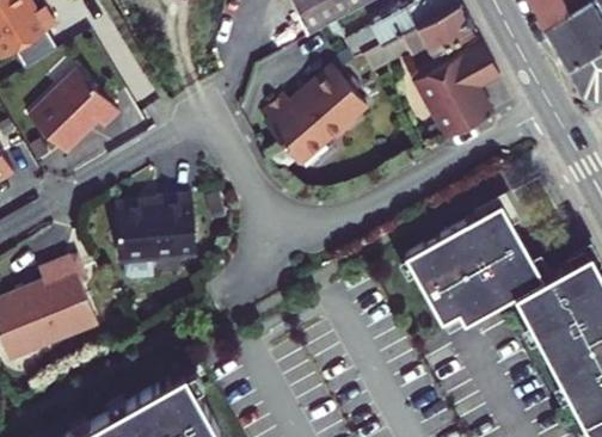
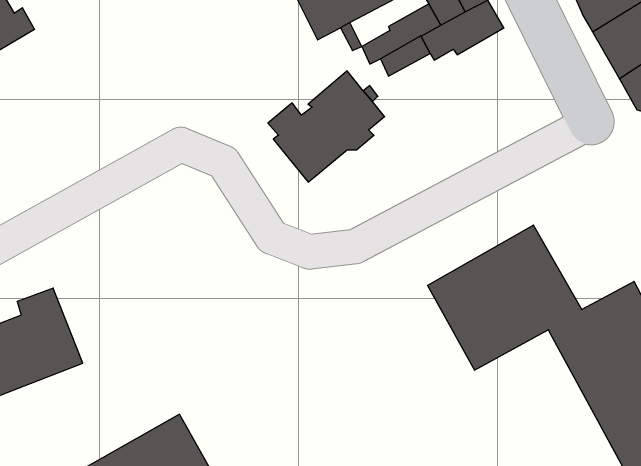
building: [414,43,498,141] -> none
building: [30,70,118,154] -> none
building: [115,195,197,282] -> none

